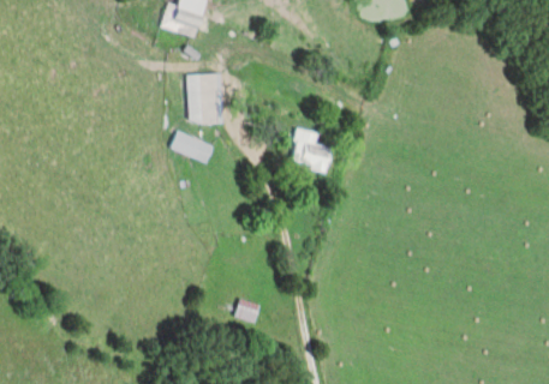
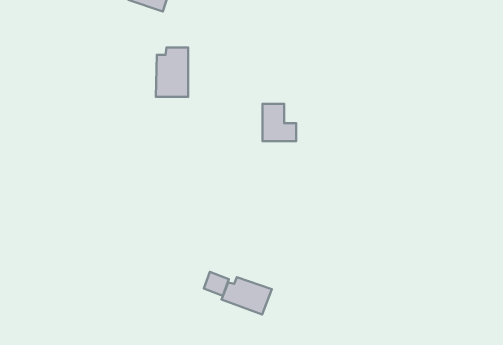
building: [171,132,214,163] -> none
building: none -> [222,277,272,315]

